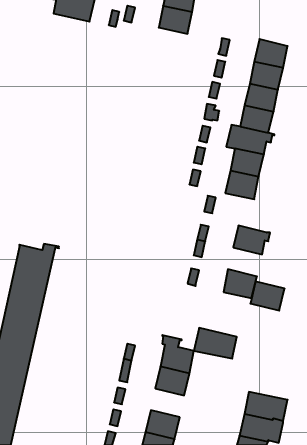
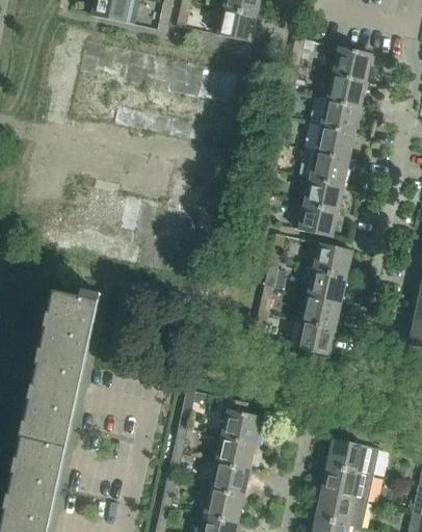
building: none -> [314,242,353,276]
building: [250,282,285,311] -> [301,294,342,328]
building: [194,328,237,359] -> [326,438,377,475]
building: none -> [210,461,249,496]

